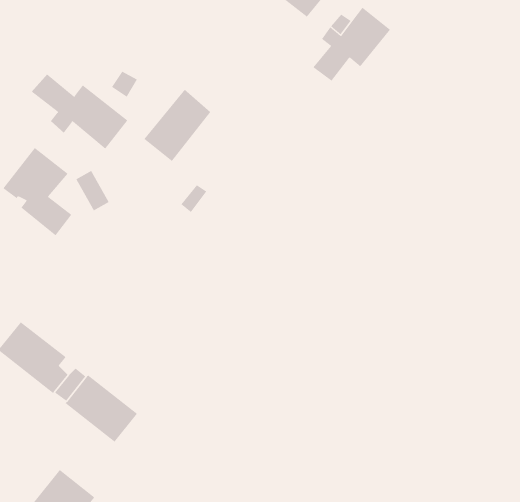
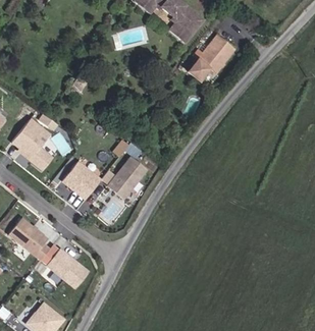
building: [31,74,128,150] -> none
building: [144,89,211,162] -> [107,156,146,198]
building: none -> [62,161,100,199]

